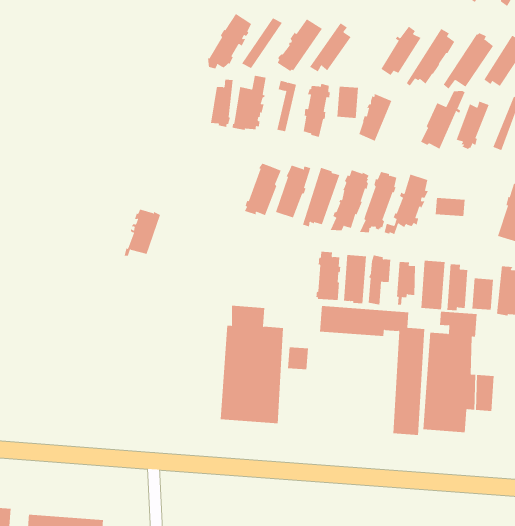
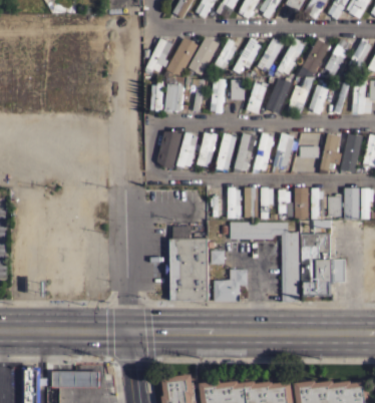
building: none -> [233,38,262,74]
building: none -> [266,79,291,114]
building: none -> [320,134,341,174]
building: [124,209,161,256] -> [157,133,179,164]
building: none -> [215,270,248,302]

